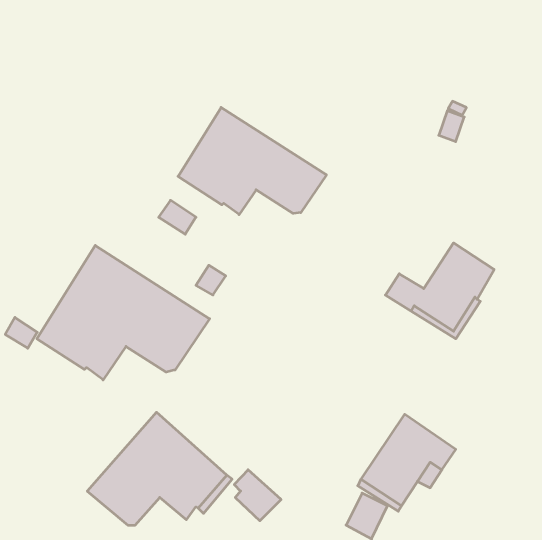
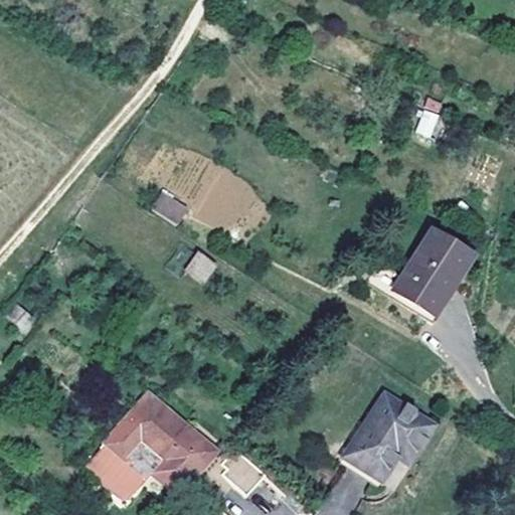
building: [178,107,326,215] -> none
building: [37,245,210,380] -> none

